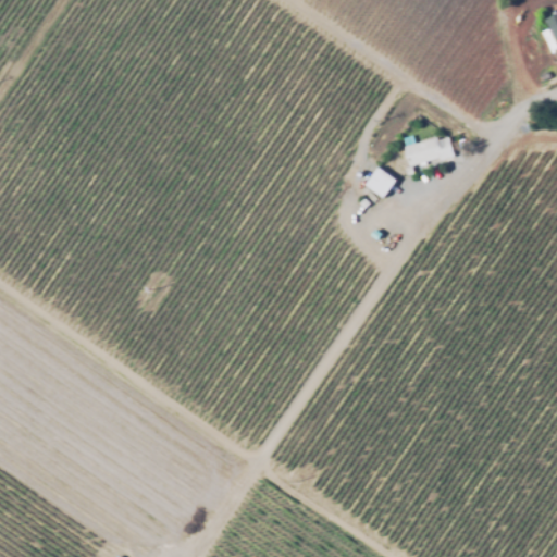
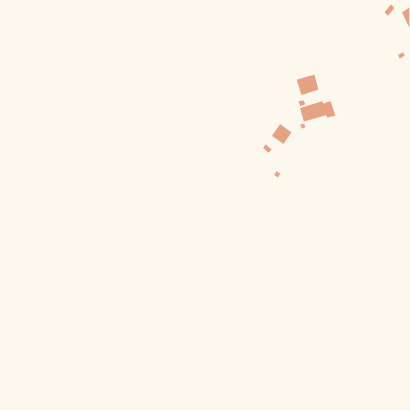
building: none -> [296,74,319,96]

